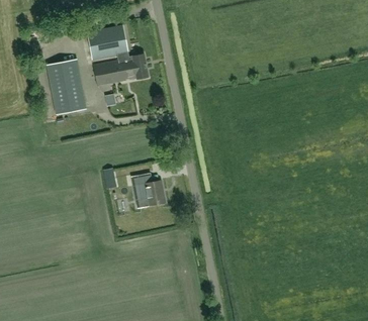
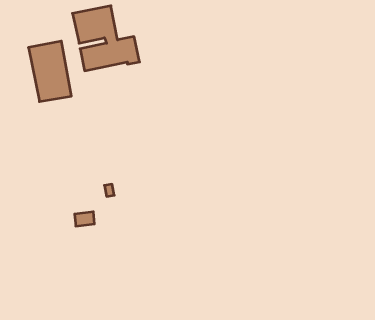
building: [145,180,165,205] -> none

